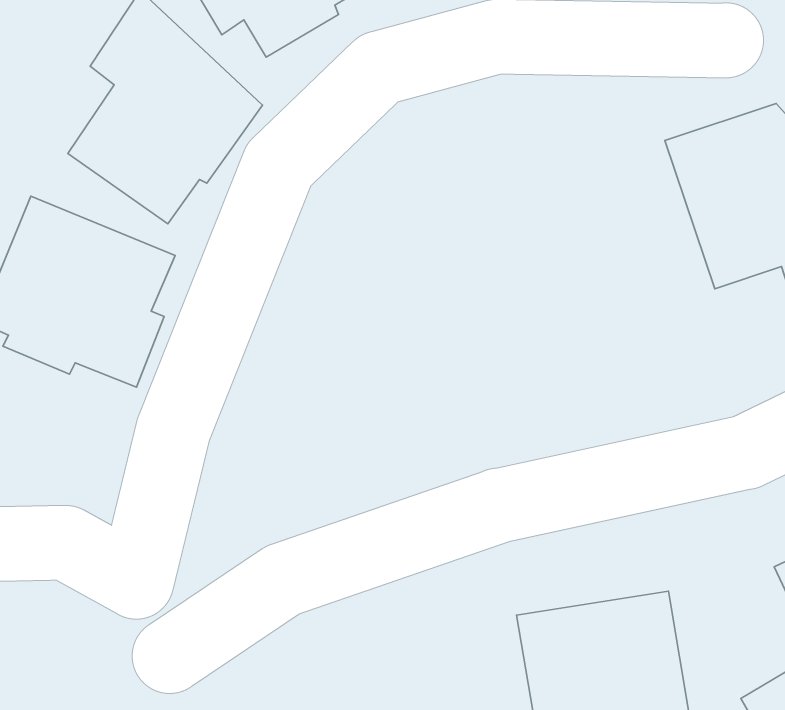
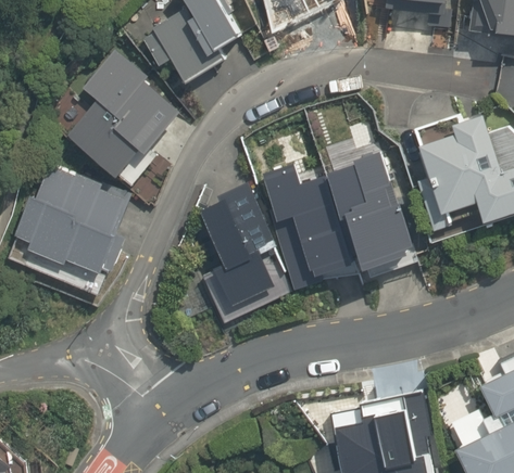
building: none -> [322,141,417,267]
building: none -> [255,161,346,284]
building: none -> [201,189,277,315]

